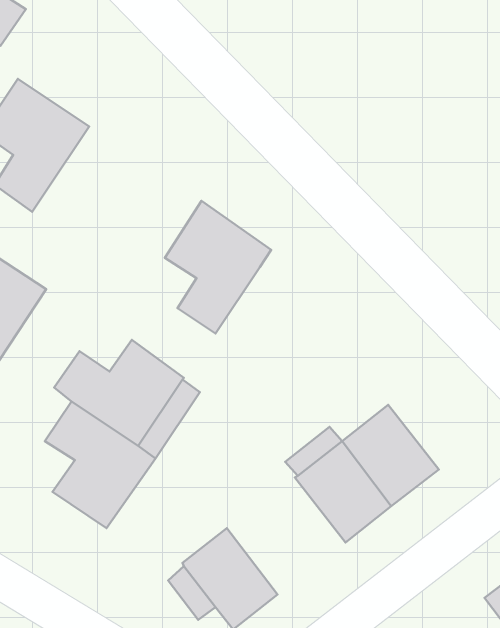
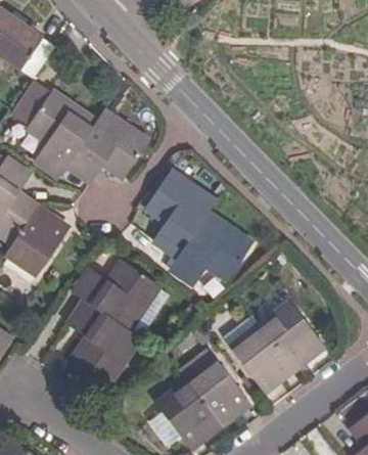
building: none -> [67,109,148,181]
building: none -> [170,213,250,284]
building: none -> [185,359,248,424]

